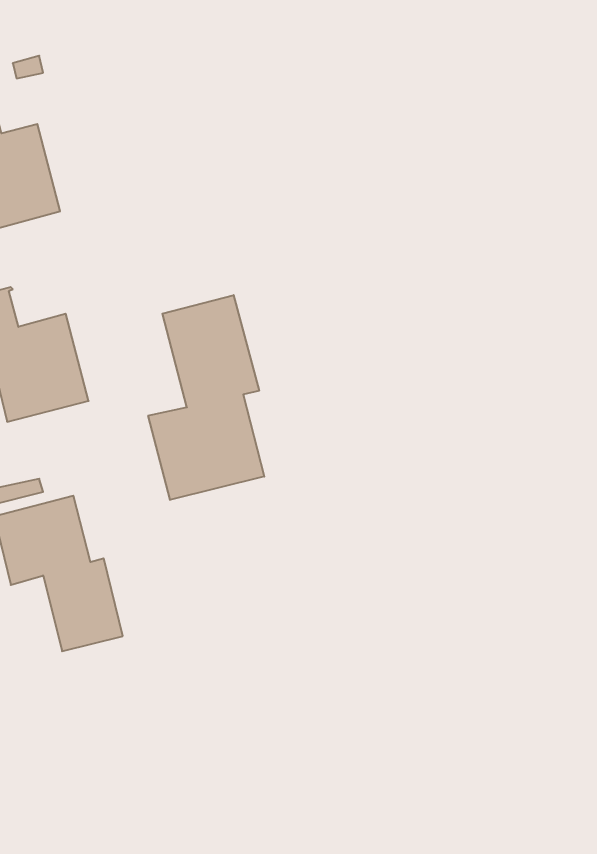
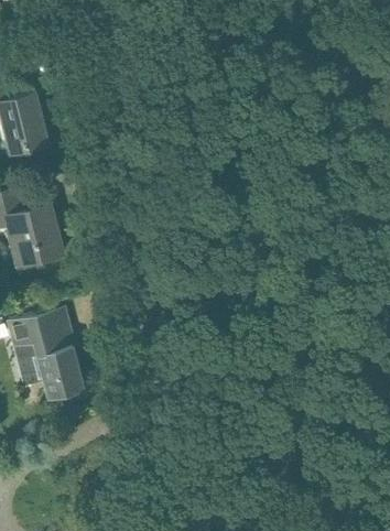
building: [148,295,264,500] -> none

